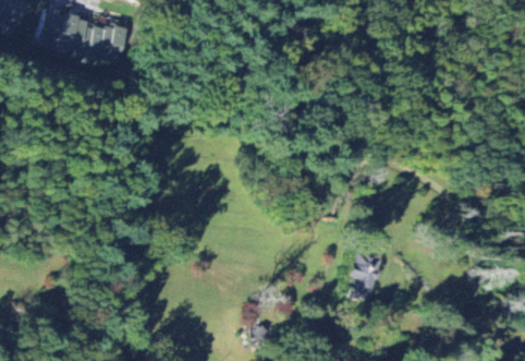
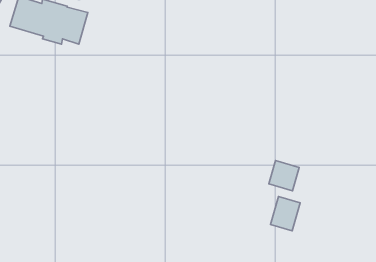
building: none -> [269,161,299,191]

